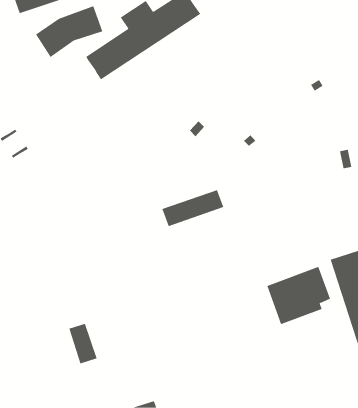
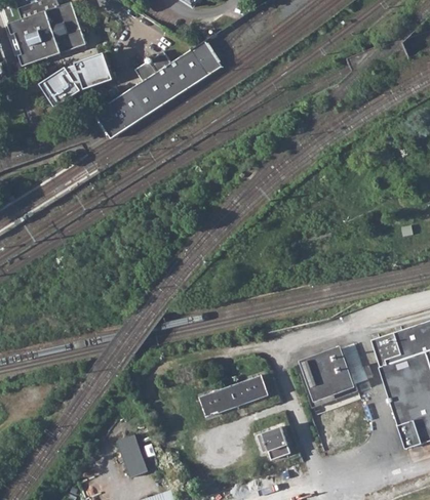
building: [162,189,224,227] -> [201,374,270,415]
building: [69,323,98,364] -> [116,432,148,477]
building: none -> [259,426,292,459]

